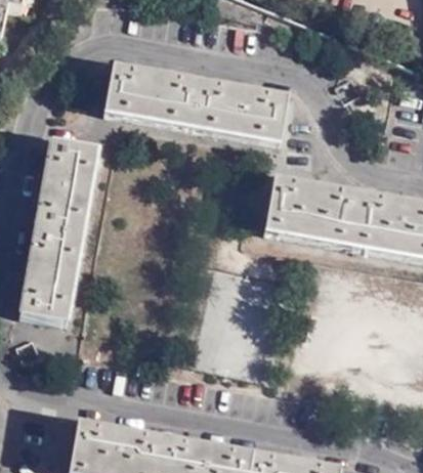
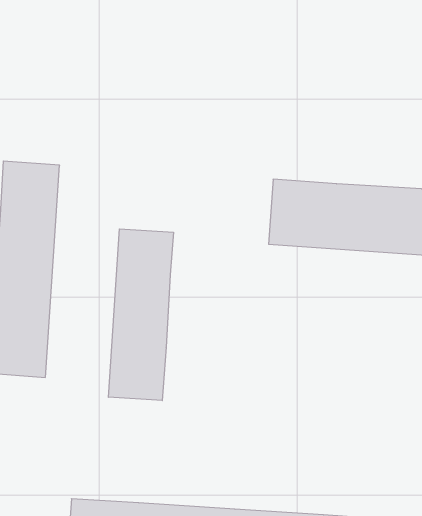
building: [103,70,288,147] -> none
building: none -> [108,229,173,401]

